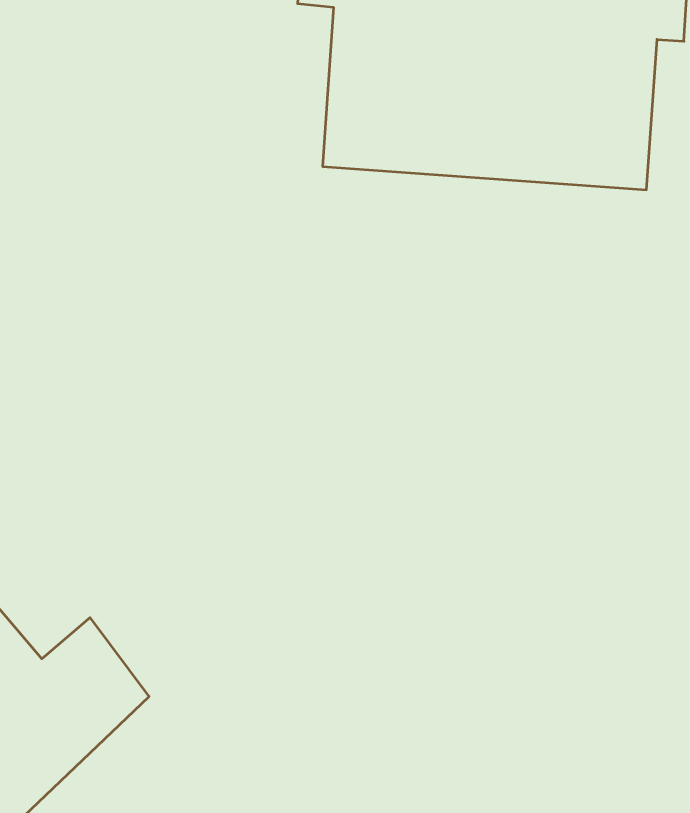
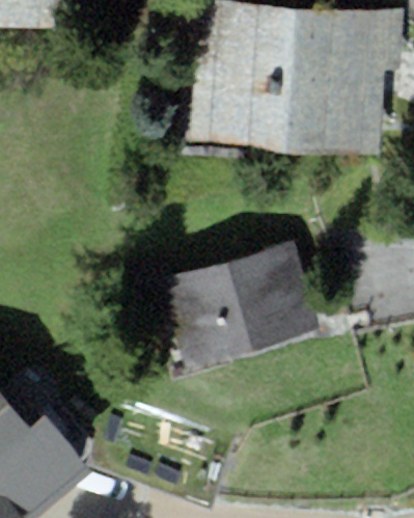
building: none -> [138,243,319,367]

